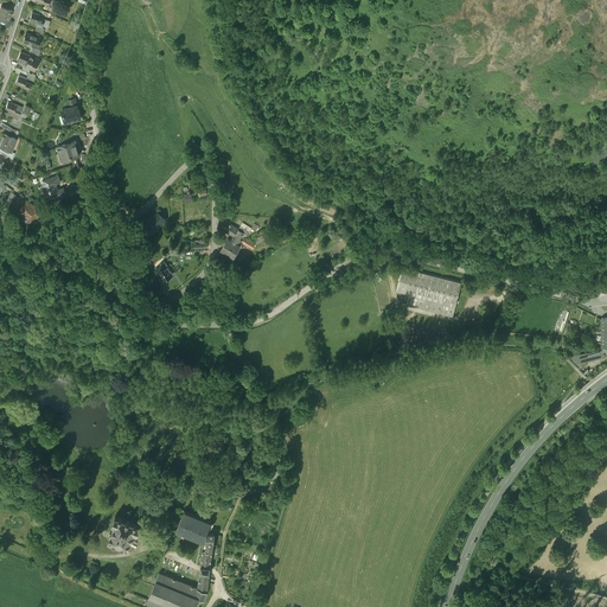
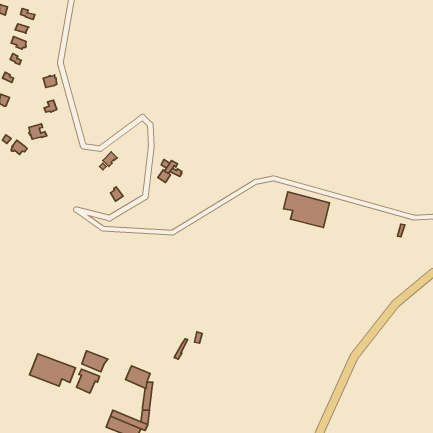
building: none -> [82,351,108,372]
building: none -> [29,354,76,386]

